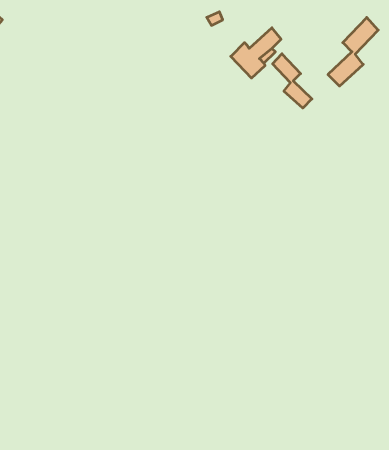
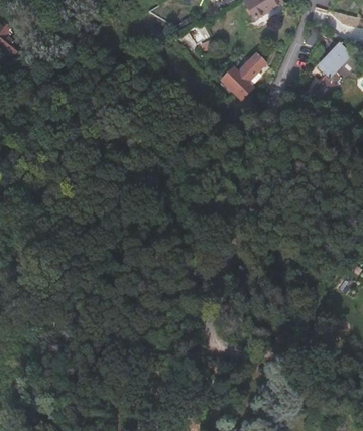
building: [273,54,312,108] -> none

